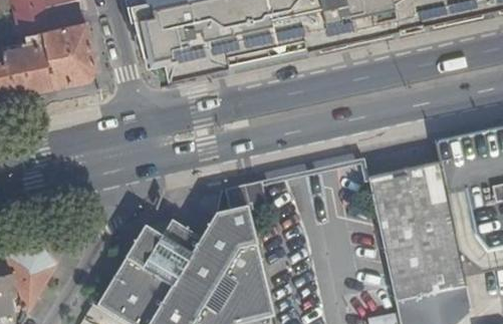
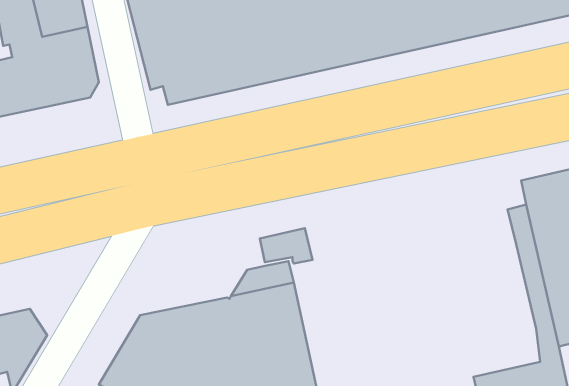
building: [367,168,449,301] -> none
building: [130,223,199,252] -> none

